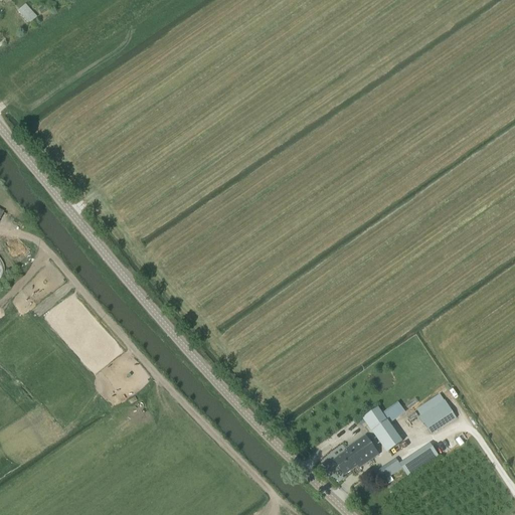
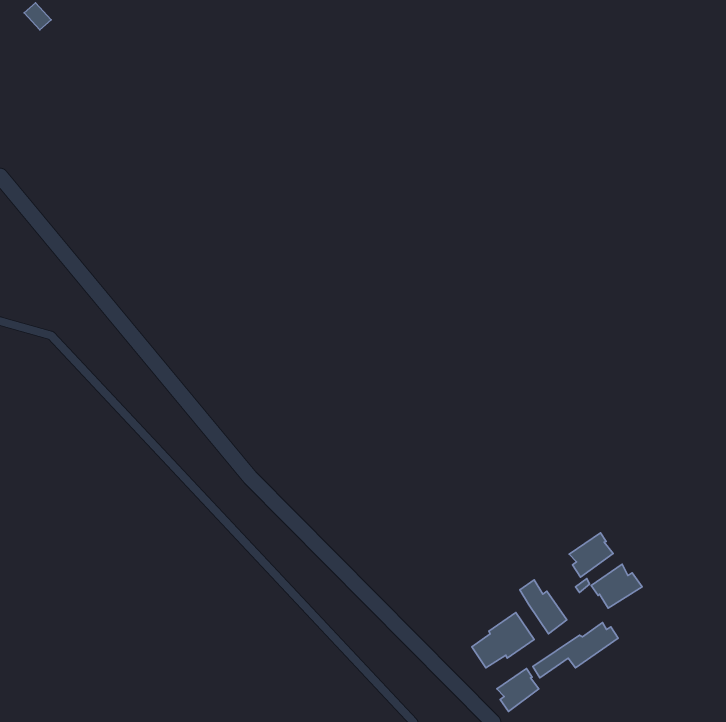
building: none -> [569,533,613,577]
building: none -> [497,669,539,712]

